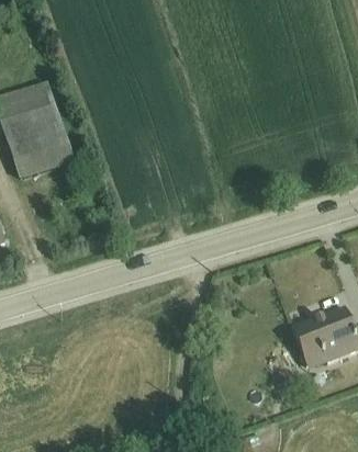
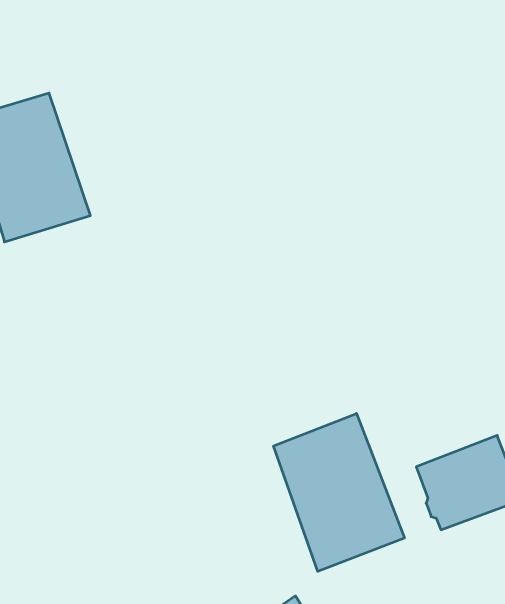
building: none -> [274,413,404,571]

